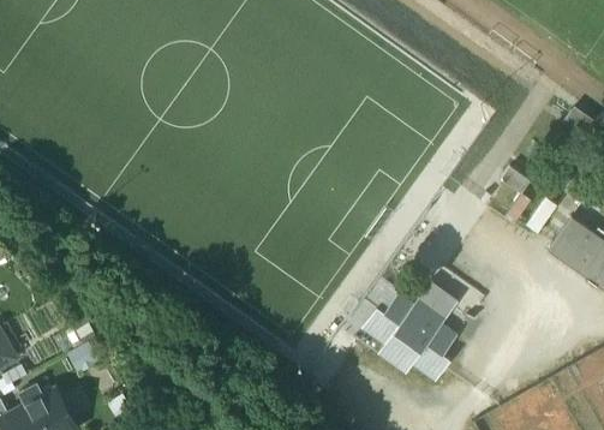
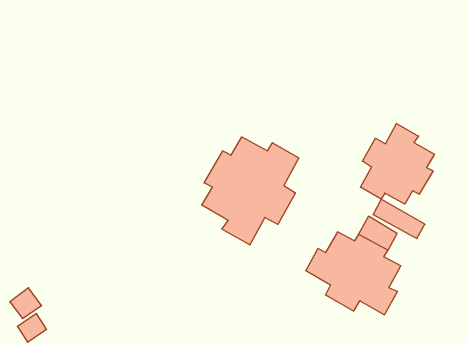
building: none -> [202,137,299,245]
building: none -> [360,124,434,204]

